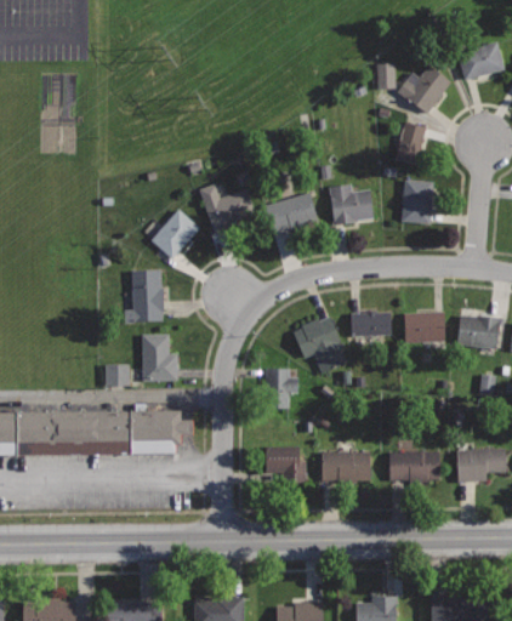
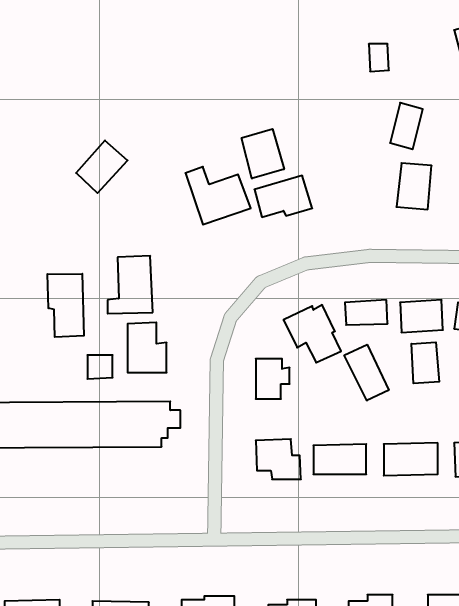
building: [396,64,454,116] -> none
building: none -> [242,129,284,179]
building: [329,184,374,224] -> none
building: [150,209,200,260] -> [76,140,128,193]
building: none -> [47,274,84,337]
building: none -> [411,342,439,383]
building: none -> [344,345,389,401]

